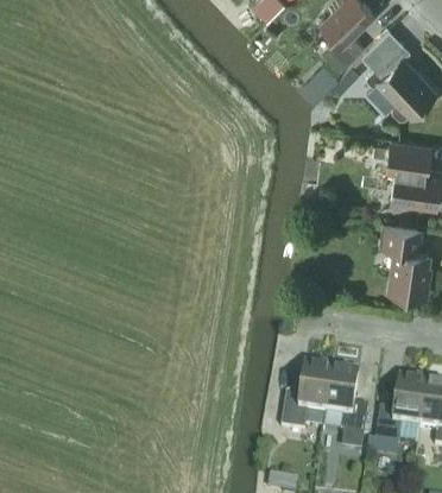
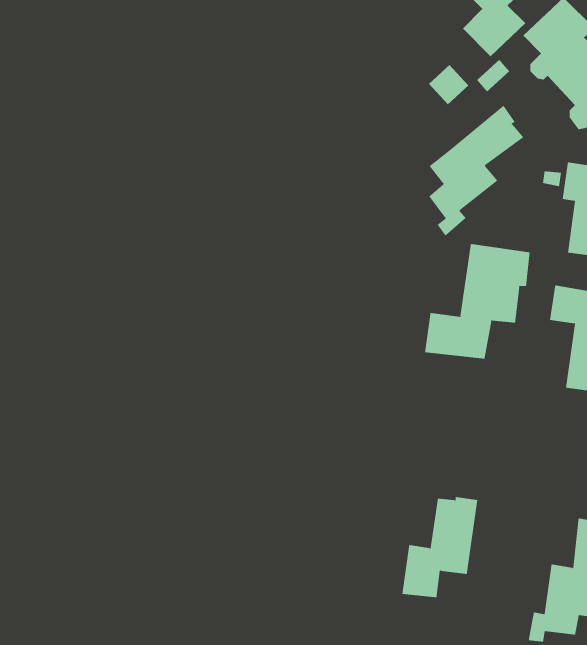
building: none -> [428,105,524,236]
building: none -> [425,243,530,359]
building: [324,366,367,435] -> none

